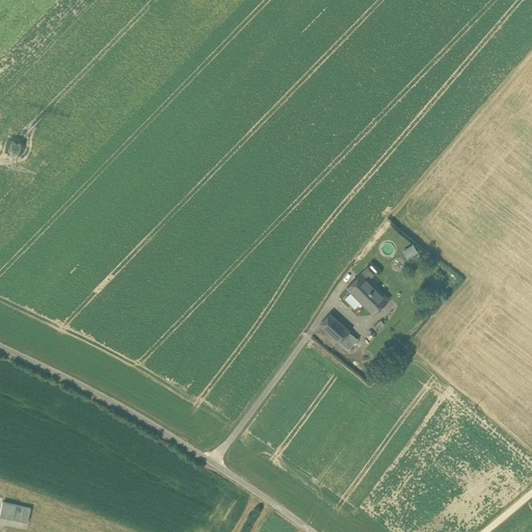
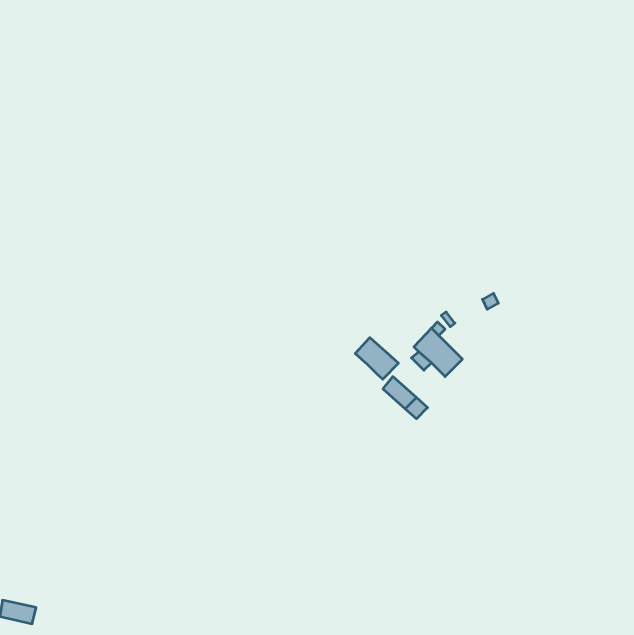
building: none -> [355,338,398,379]

